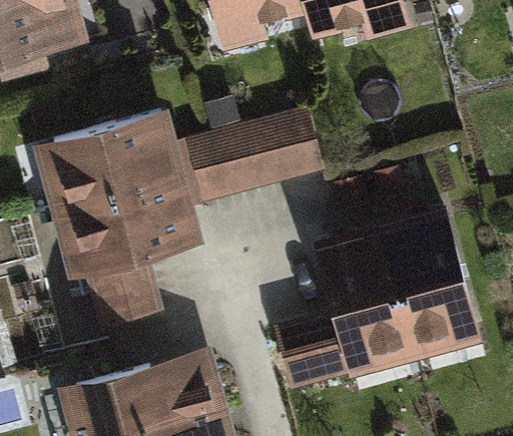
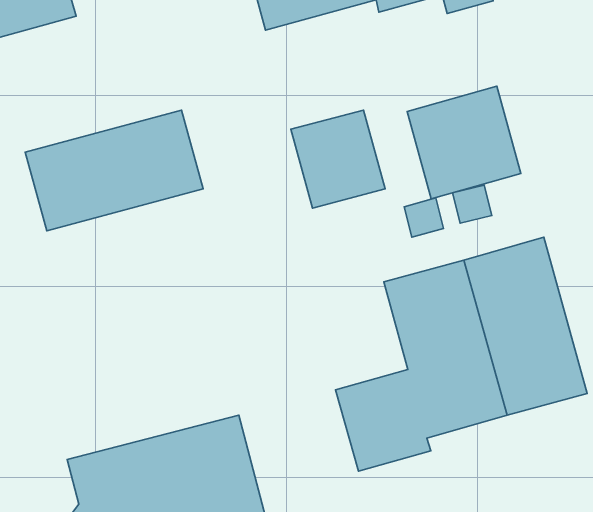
building: none -> [407,86,521,199]
building: [189,126,264,204] -> none
building: [54,173,194,324] -> none

